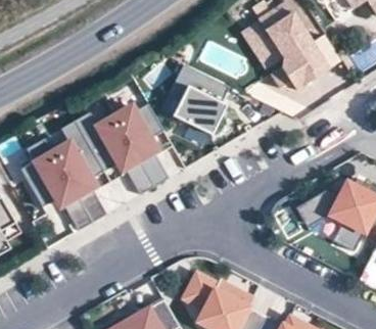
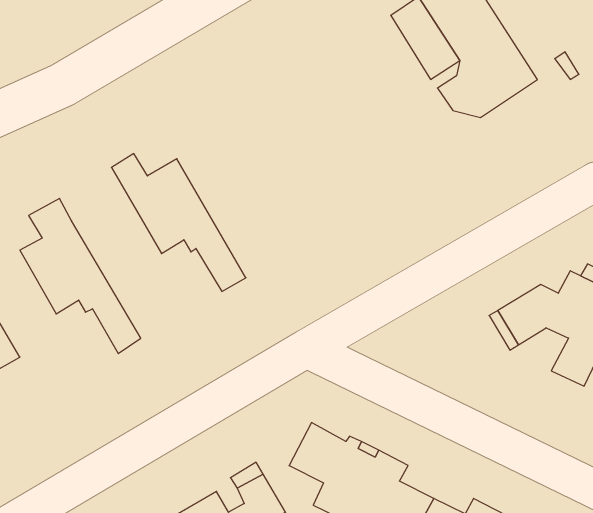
building: [164,60,225,132] -> none
building: [114,103,170,186] -> none
building: [52,121,107,222] -> none

